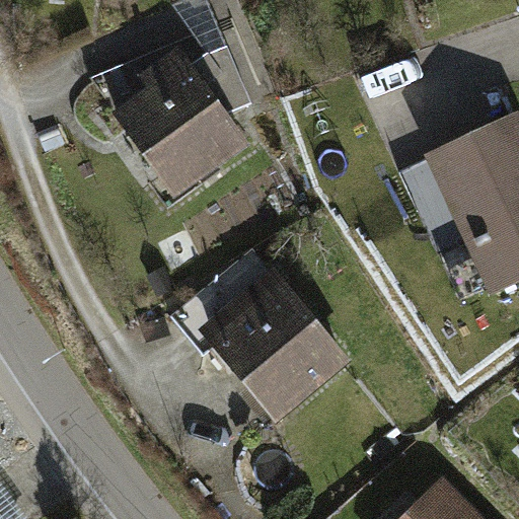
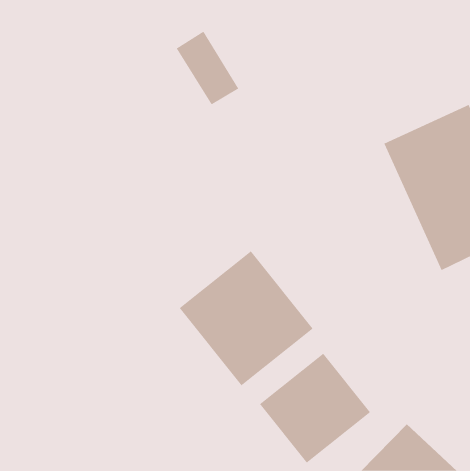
building: [101,48,246,197] -> none
building: none -> [259,353,371,463]

